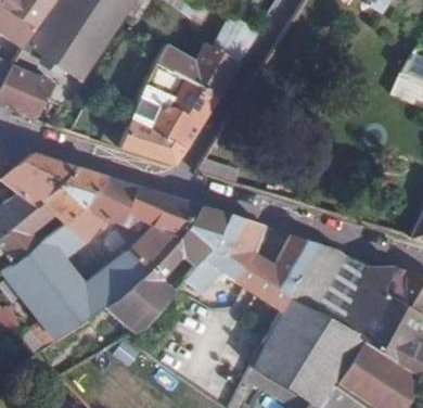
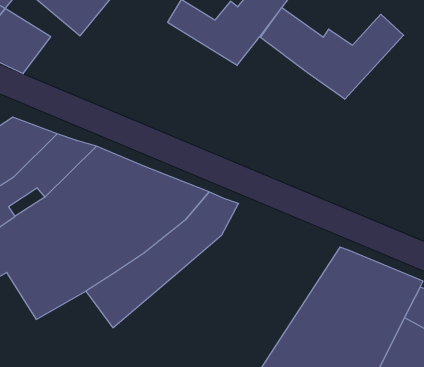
building: none -> [261,8,404,99]
building: [117,64,217,164] -> none
building: [182,214,319,340] -> none

